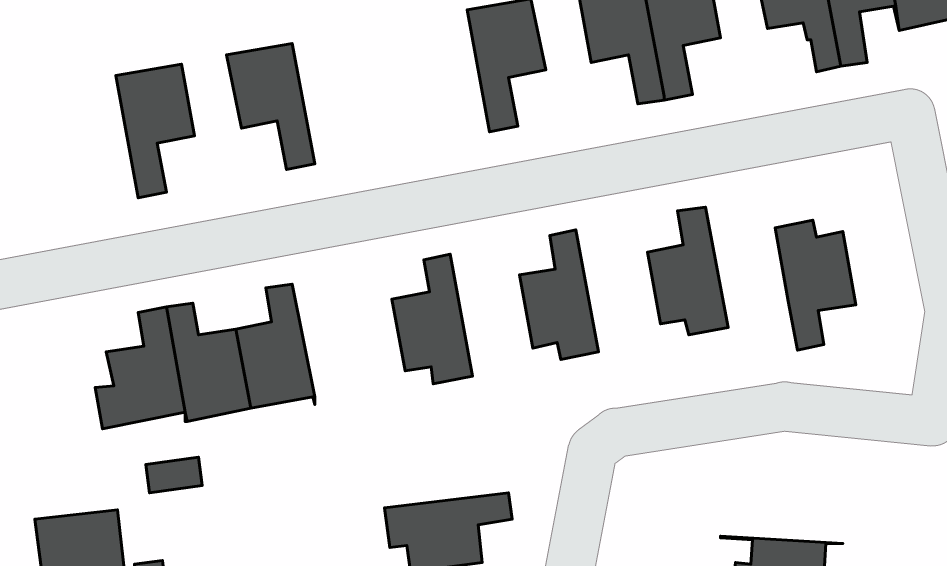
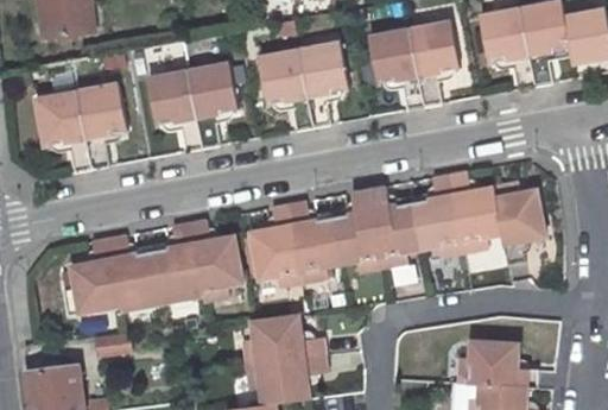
building: none -> [258,49,312,130]
building: none -> [188,62,236,146]
building: none -> [36,90,90,171]
building: none -> [449,170,507,264]
building: none -> [367,185,420,265]
building: none -> [287,200,340,280]
building: none -> [188,219,241,298]
building: none -> [243,315,324,364]
building: none -> [458,341,537,386]

